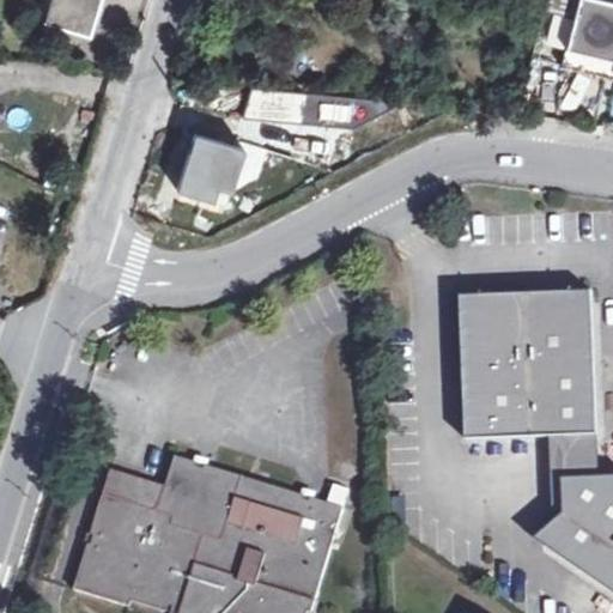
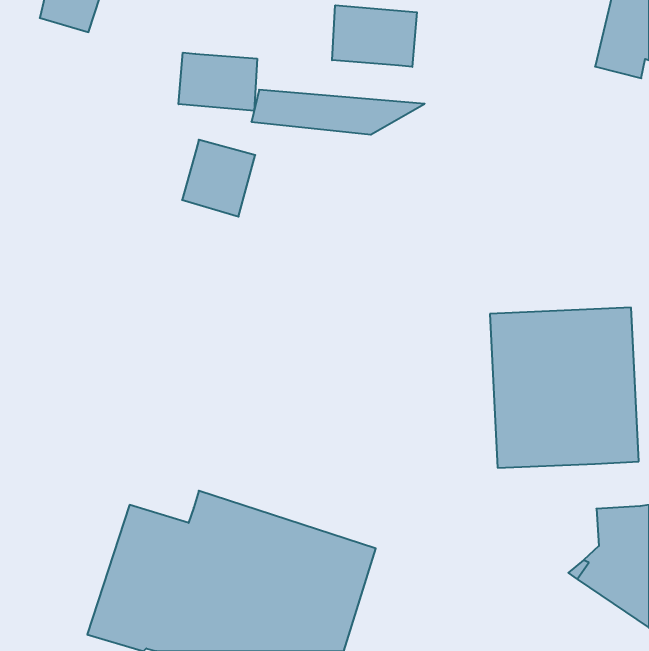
building: none -> [332,5,417,67]
building: none -> [179,53,257,111]
building: [556,431,597,475] -> none

